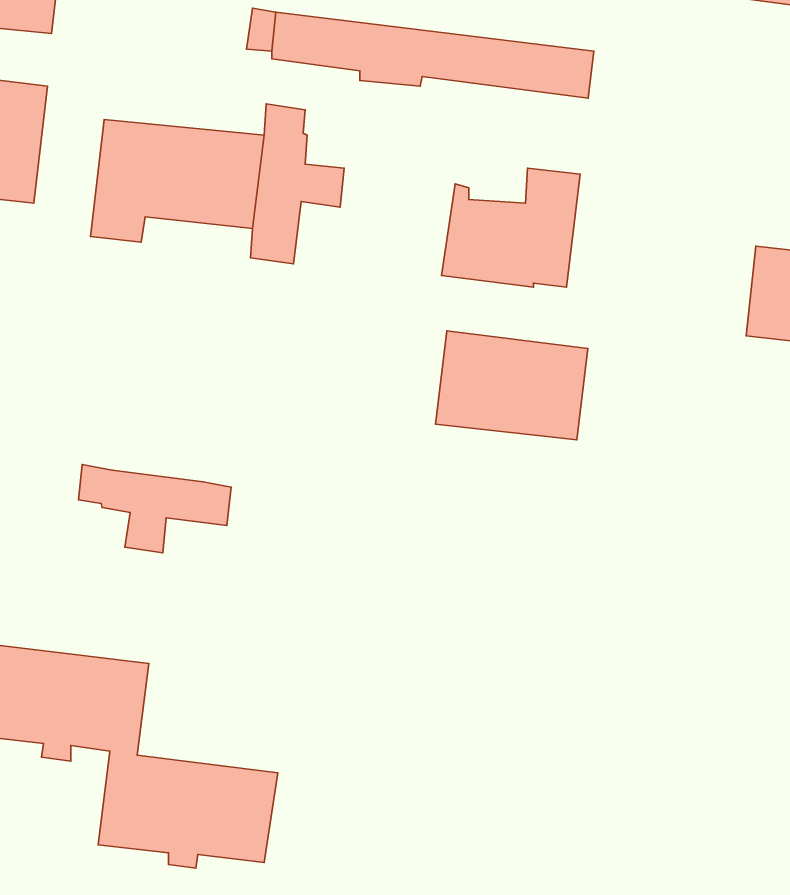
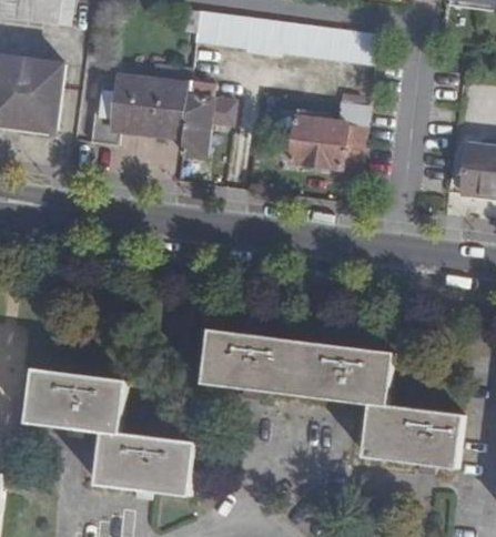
building: [436,331,588,440] -> none
building: [79,465,231,553] -> none
building: none -> [203,331,459,472]

